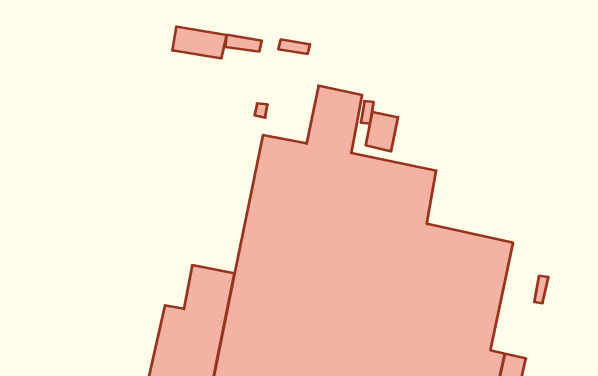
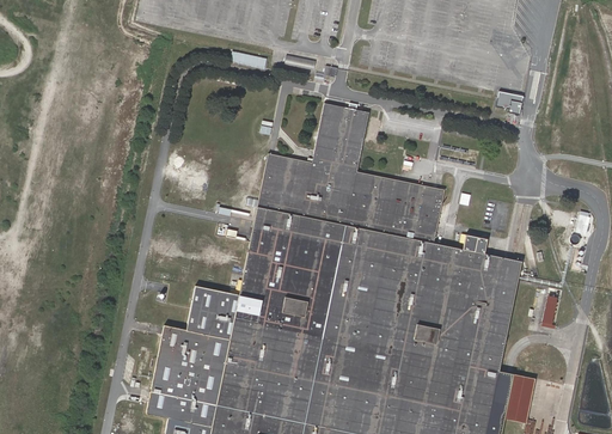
building: [173,27,226,58] -> none
building: [366,112,398,151] -> none

